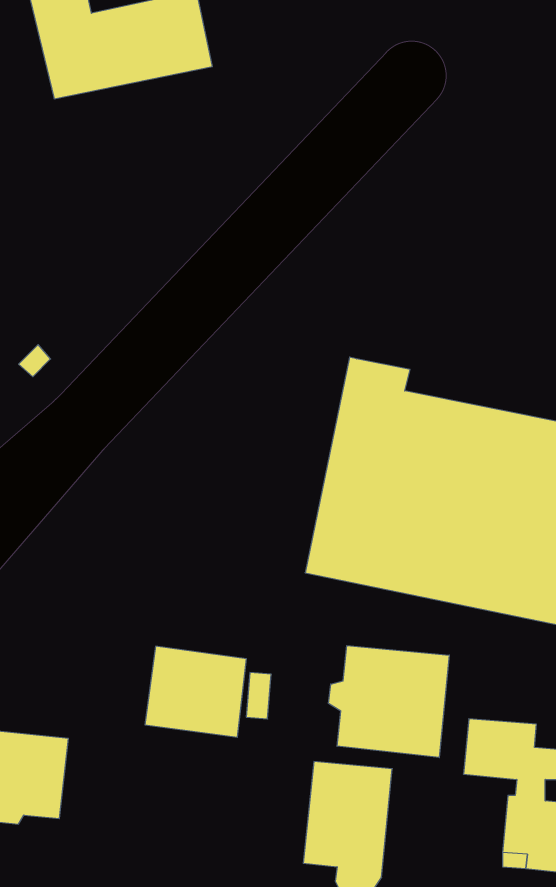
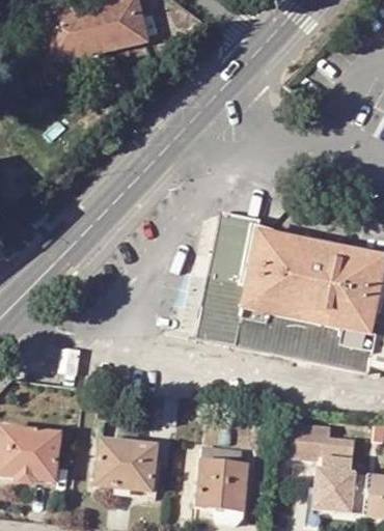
building: [329,646,449,758] -> none
building: [145,646,246,737] -> [95,439,155,492]

